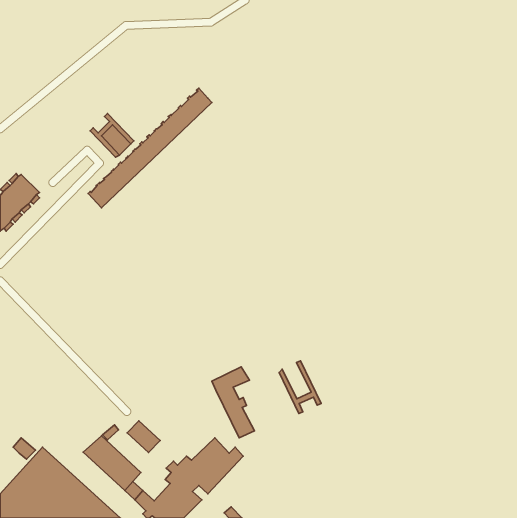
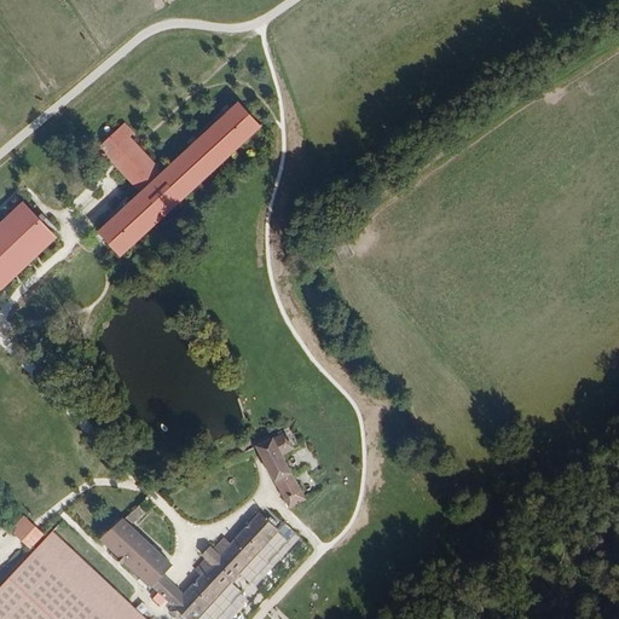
building: none -> [100,103,260,254]
building: none -> [97,121,134,158]
building: [279,361,321,414] -> none
building: [127,421,160,453] -> none

